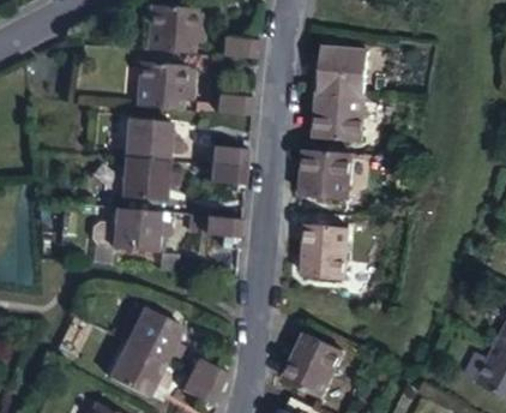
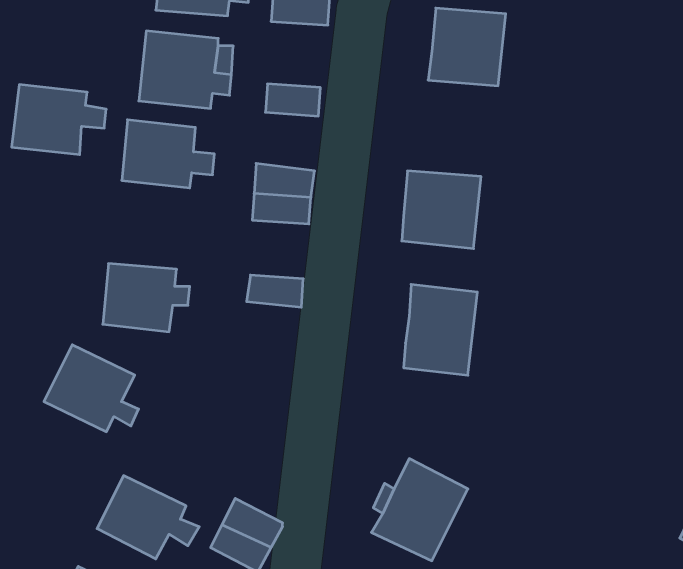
building: [314,92,363,143] -> none
building: [120,156,180,200] -> [12,85,106,155]
building: [126,307,186,363] -> [44,345,139,432]

